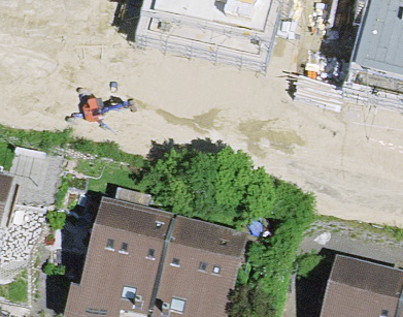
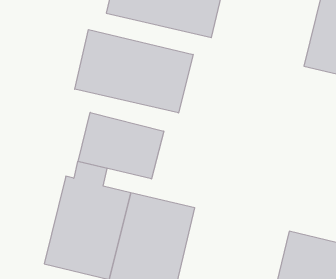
building: none -> [75,30,193,113]
building: none -> [78,112,164,179]

